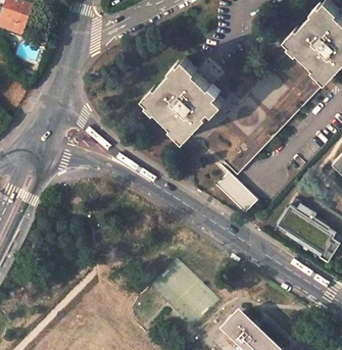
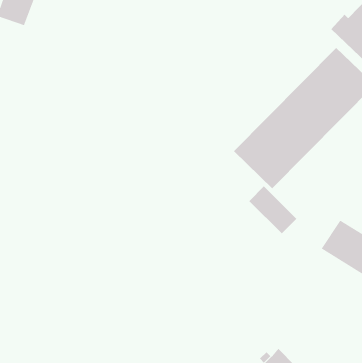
building: [145,56,226,139] -> none

